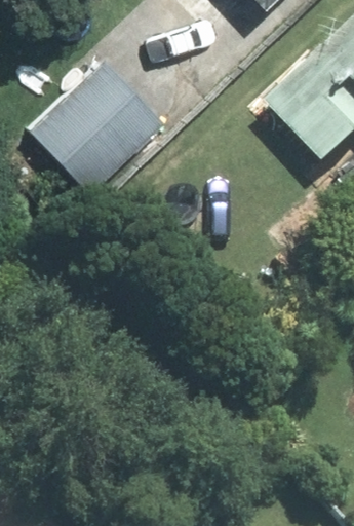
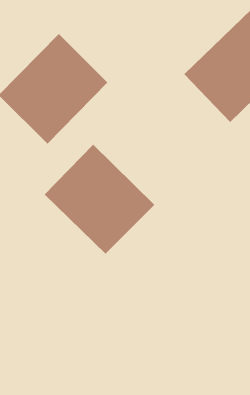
building: none -> [44,144,155,254]

